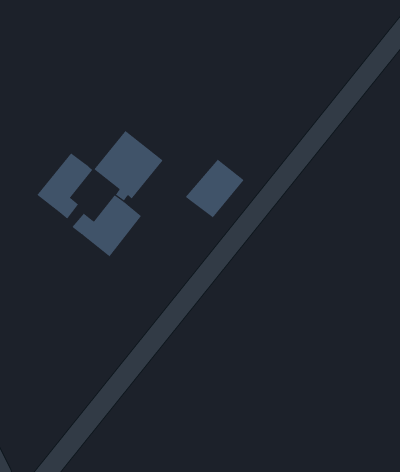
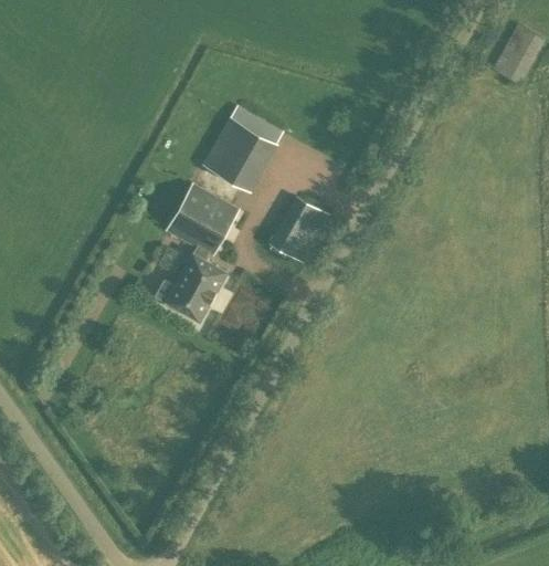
building: none -> [202,117,277,191]
building: [37,152,94,220] -> none

